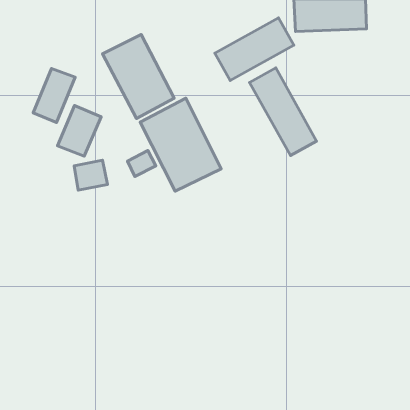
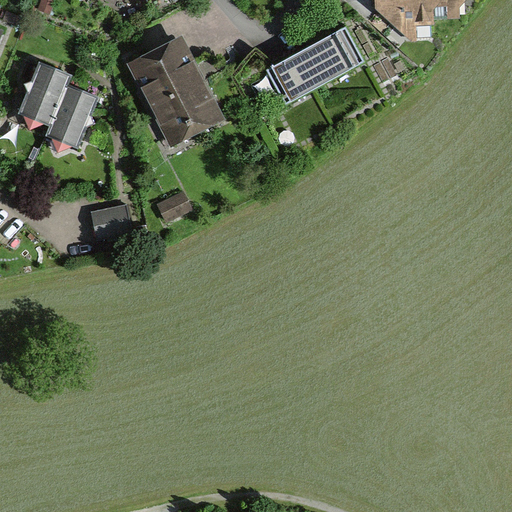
building: [250,68,317,156] -> none
building: [140,98,221,191] -> none
building: [57,105,101,156] -> [12,63,66,126]

